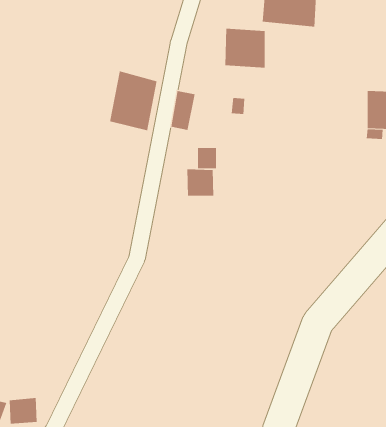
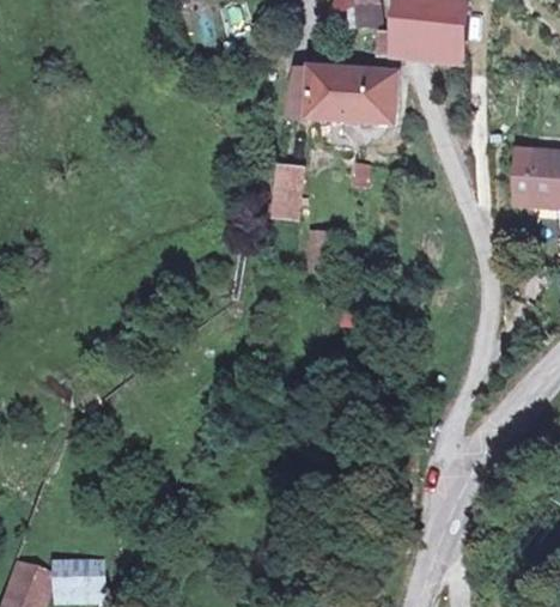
building: none -> [287,63,342,117]
building: [110,70,157,131] -> none
building: [187,168,214,197] -> none

